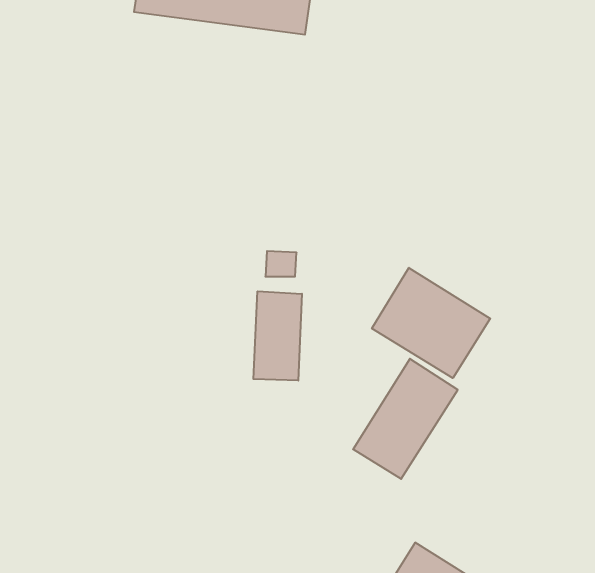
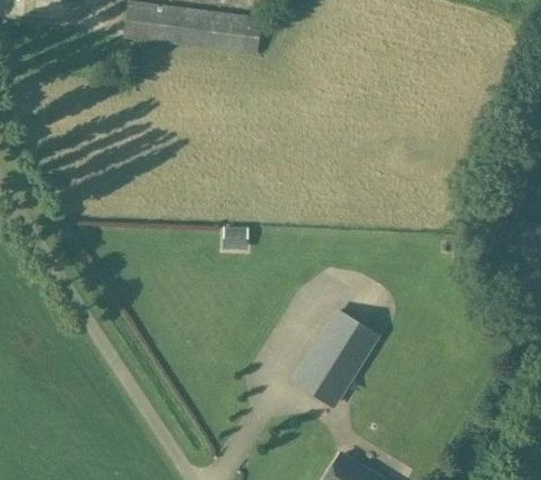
building: [372,268,490,378] -> none
building: [253,291,302,381] -> none

